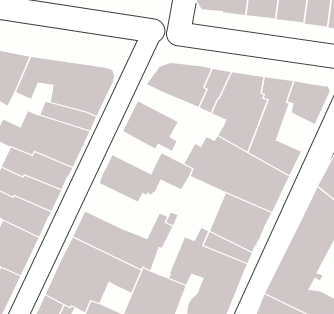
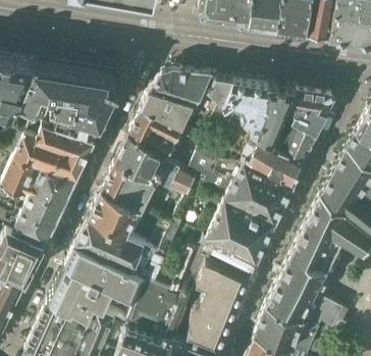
building: none -> [141,94,228,135]
building: none -> [279,112,318,161]
building: none -> [115,141,159,184]
building: none -> [88,193,142,239]

